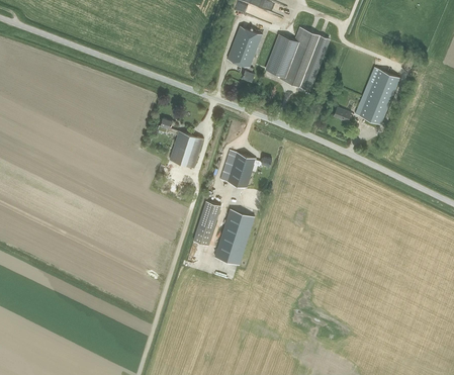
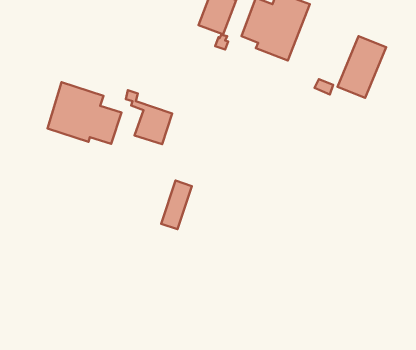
building: none -> [47,82,122,144]
building: [219,152,271,189] -> none
building: [214,209,254,265] -> none

